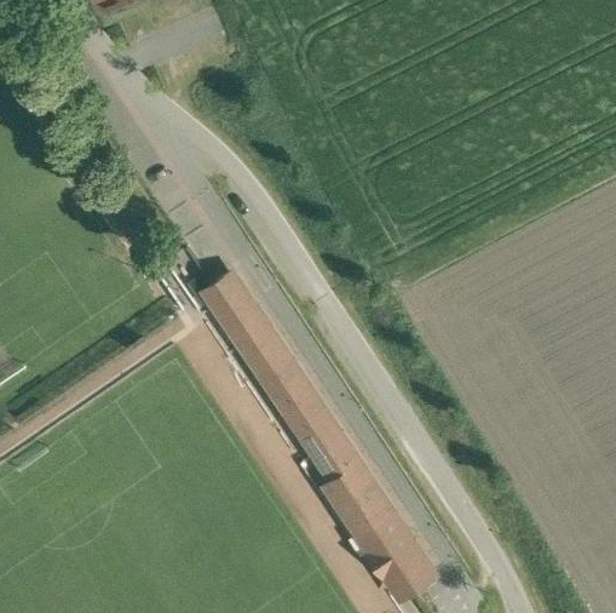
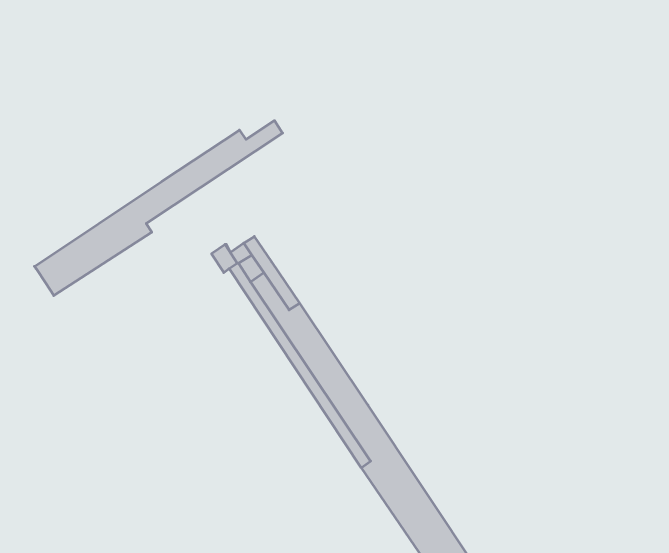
building: none -> [34,121,283,296]

